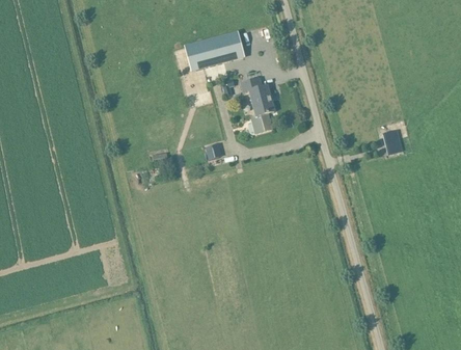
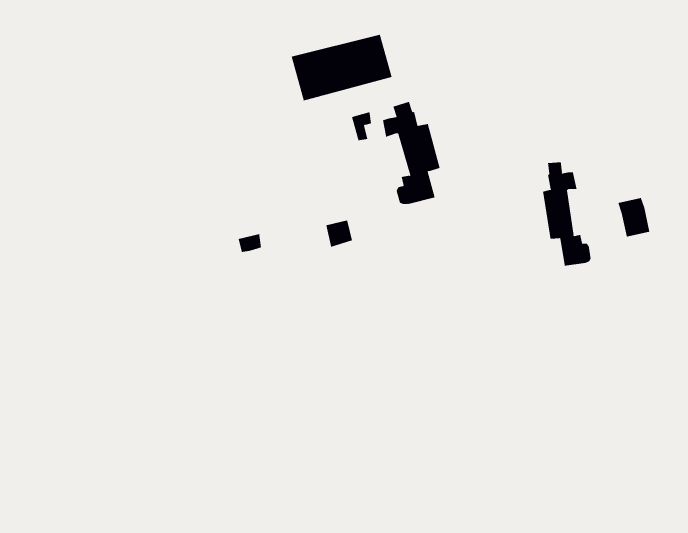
building: none -> [542,161,591,267]

